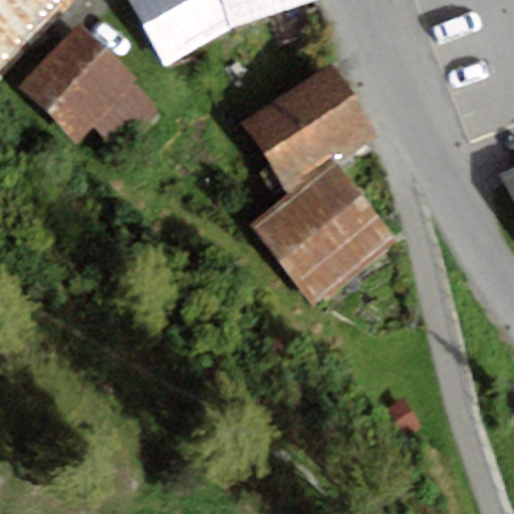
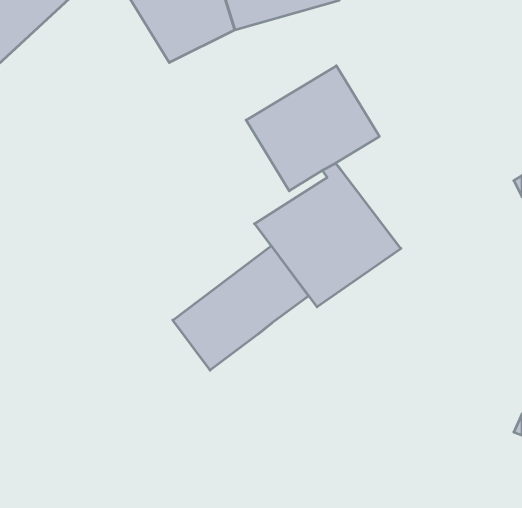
building: [18,24,156,143] -> none
building: none -> [173,246,308,370]

